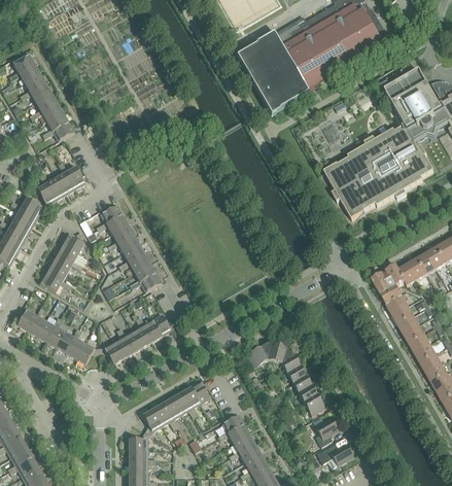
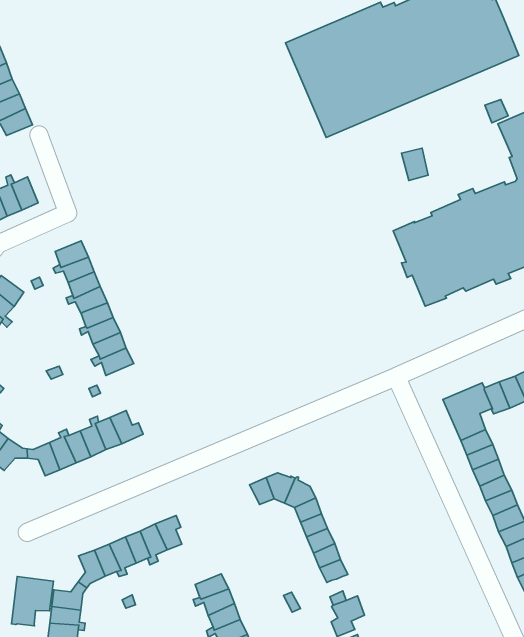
building: none -> [11,577,53,626]

